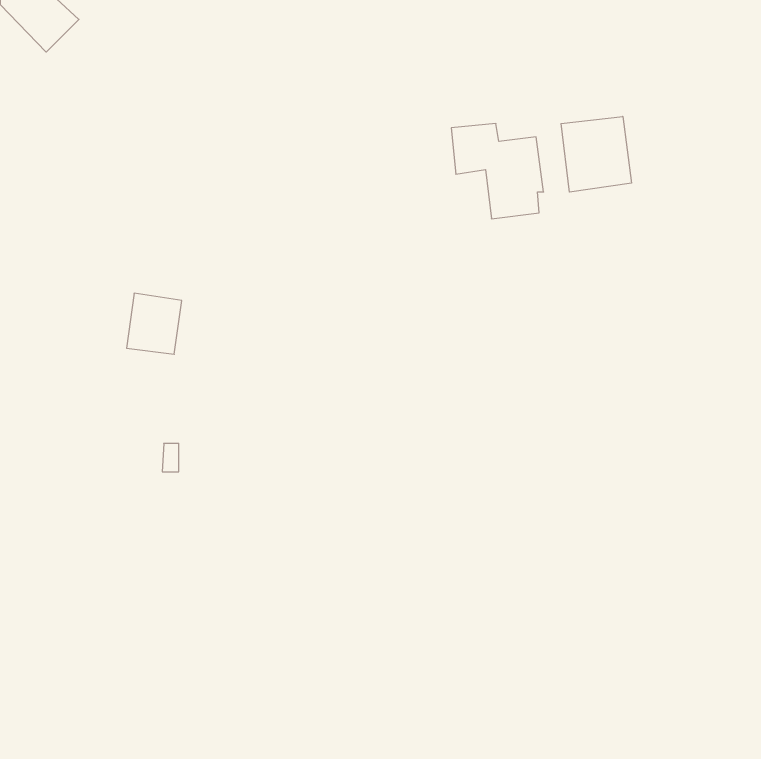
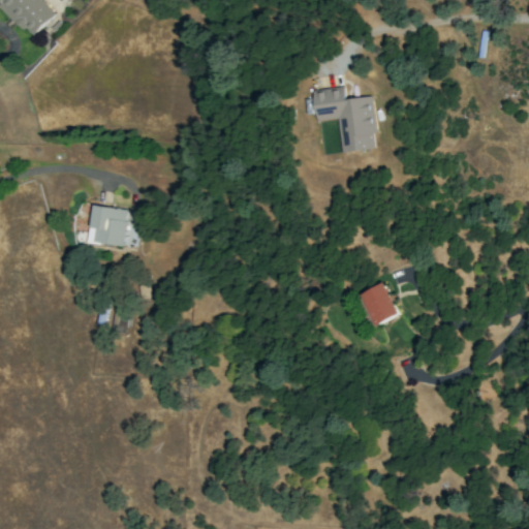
building: [561,116,631,192] -> none
building: none -> [360,281,400,325]

